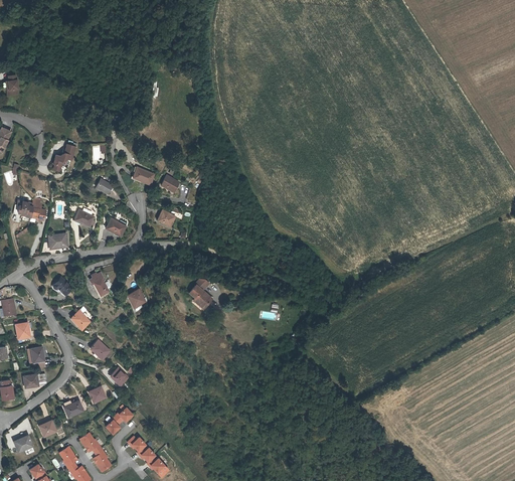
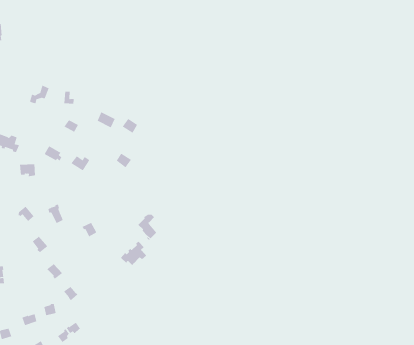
building: none -> [120,241,147,266]

